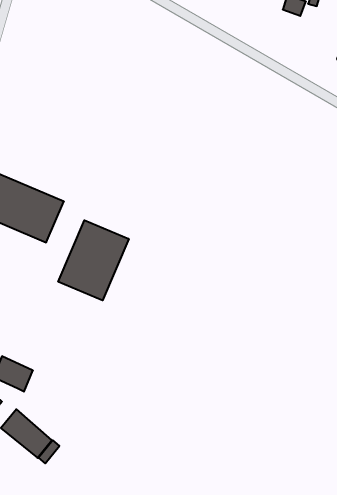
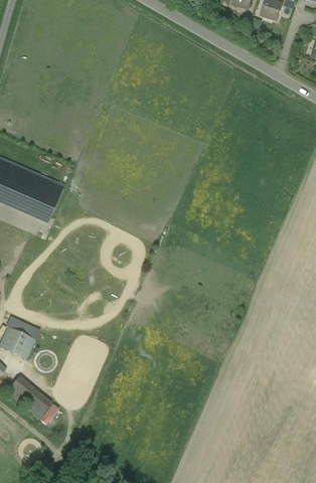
building: [58,220,129,300] -> none

